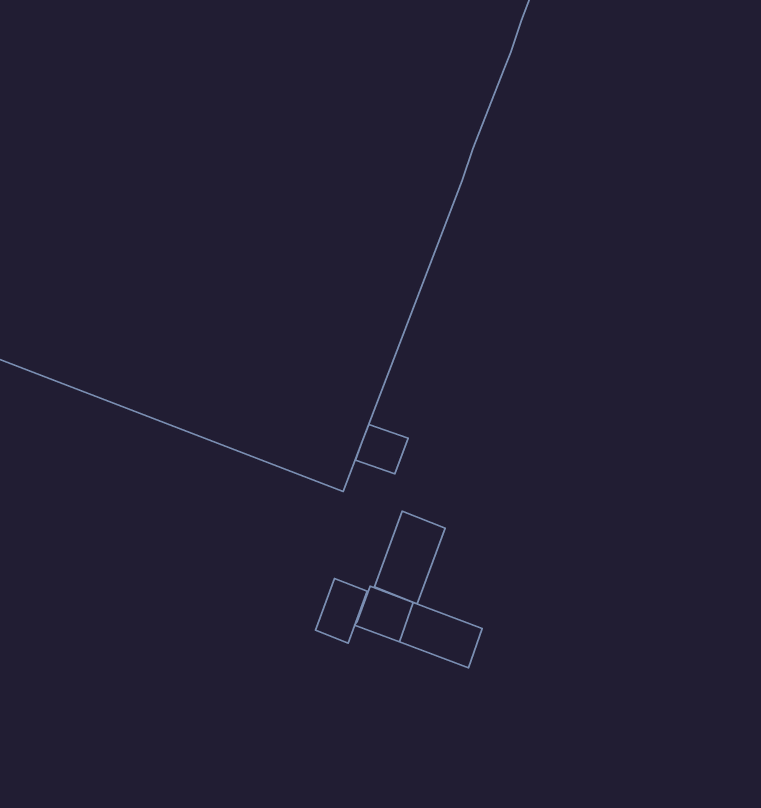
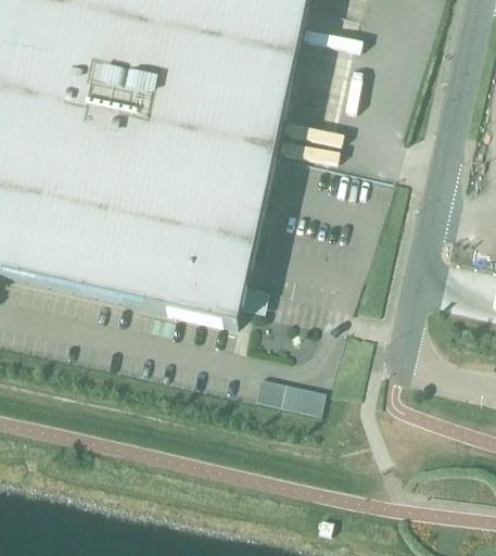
building: [374,511,445,604] -> none
building: [315,578,367,643] -> none

